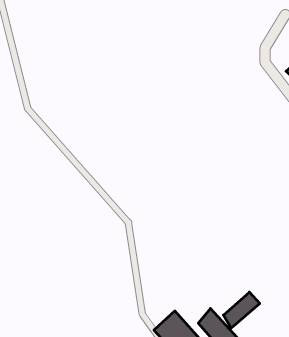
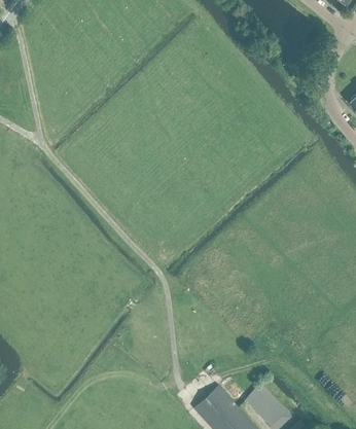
building: [223,292,260,328] -> none

